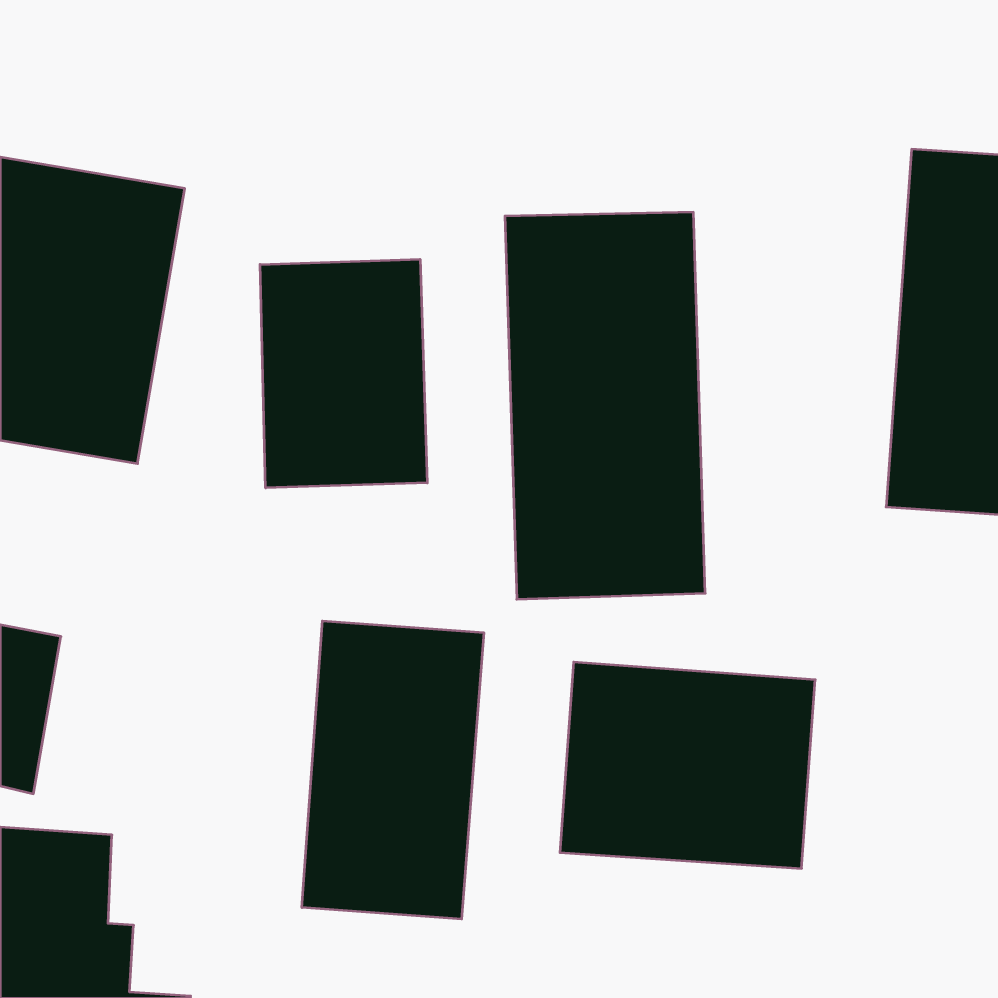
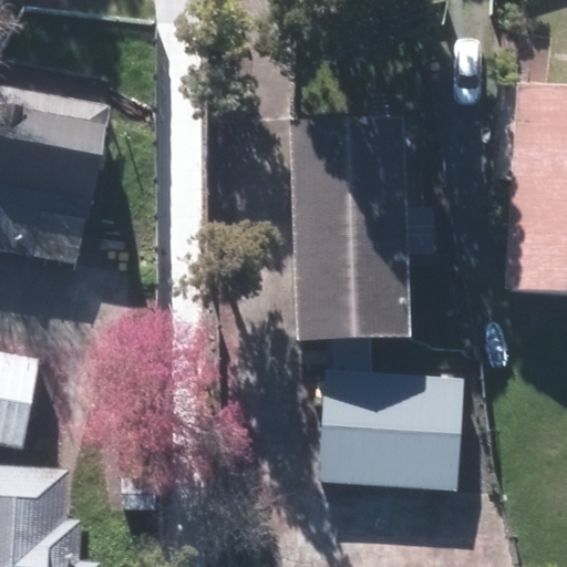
building: [260,259,427,488] -> none
building: [302,621,484,919] -> none

